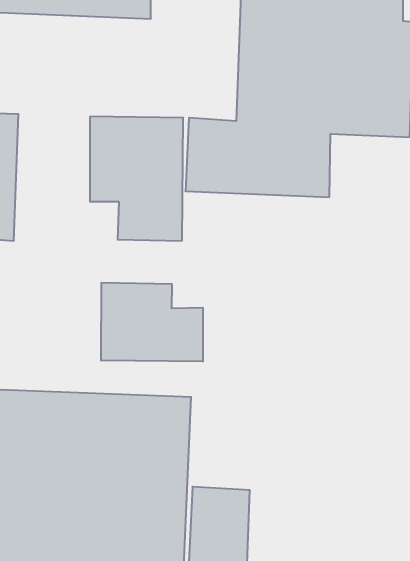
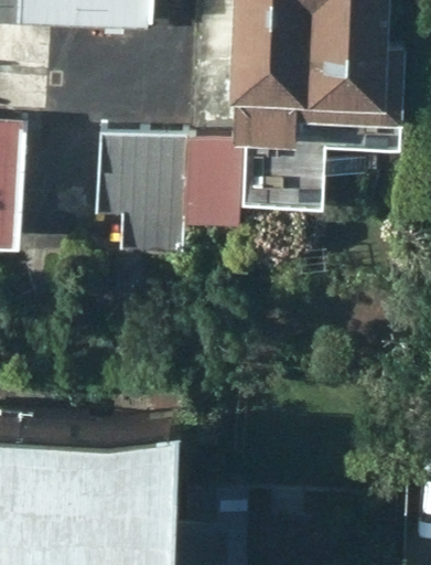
building: [101,283,203,362] -> none

